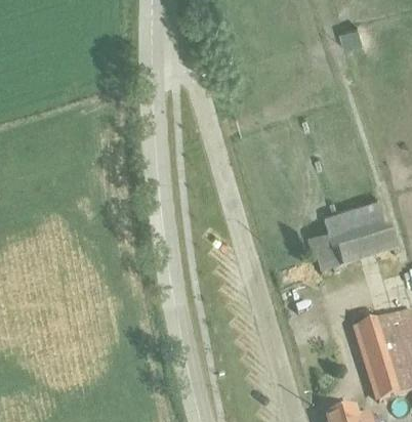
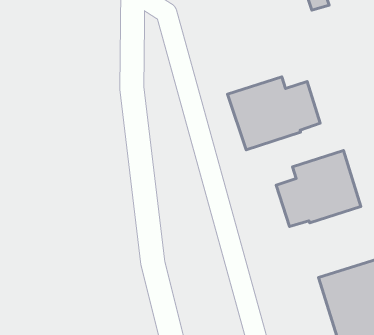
building: none -> [228,77,320,150]

